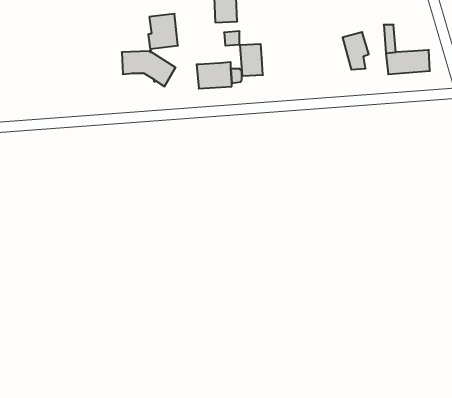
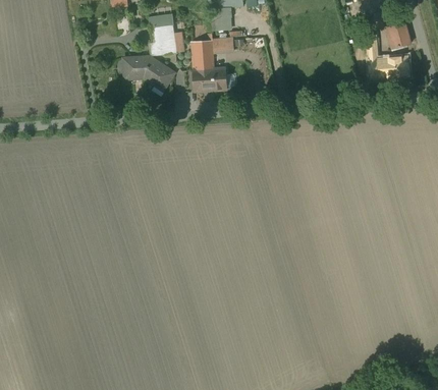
building: [342,32,369,70] -> [386,22,410,57]
building: [240,44,263,76] -> [194,40,215,69]

